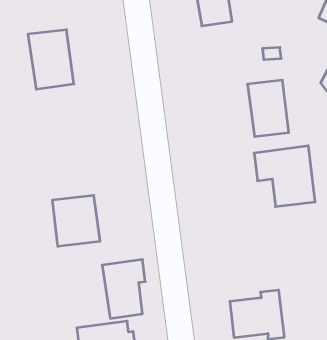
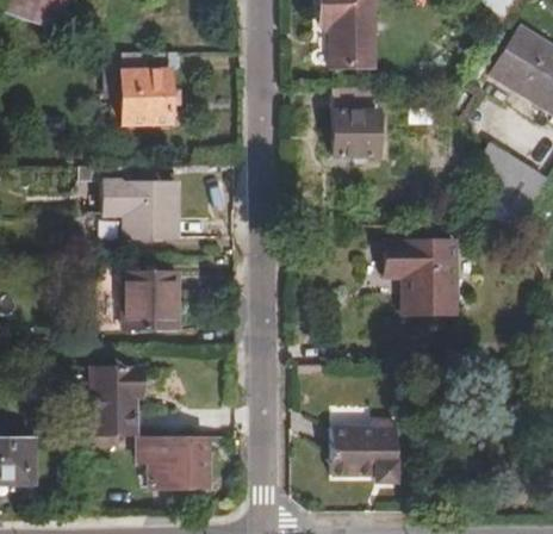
building: [247,80,289,137] -> [336,88,381,156]
building: none -> [102,180,175,237]
building: [102,260,145,318] -> [86,367,138,437]

